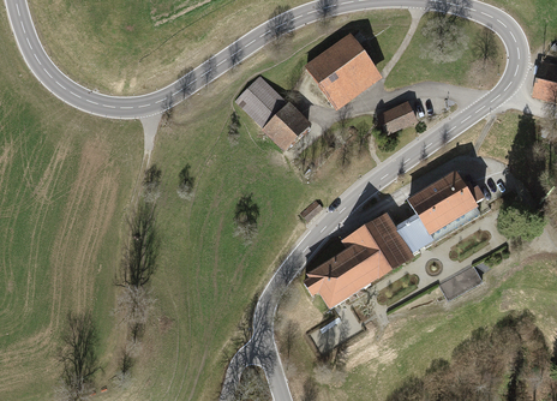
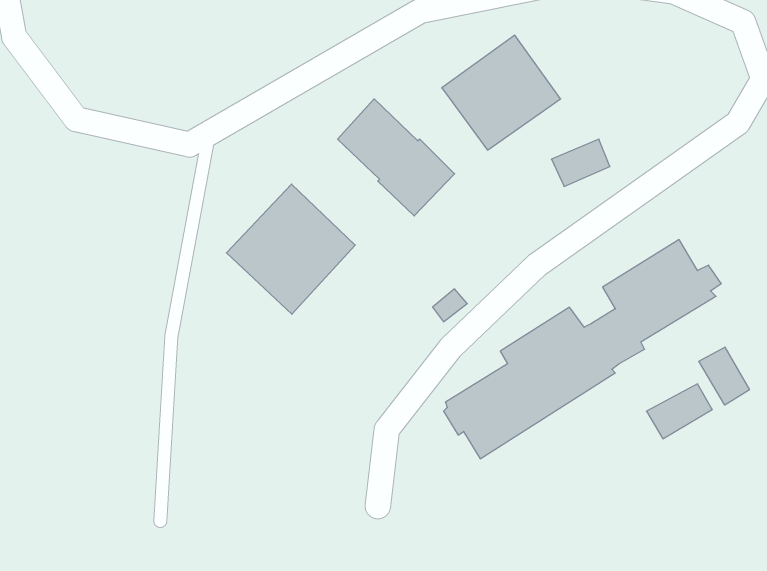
building: none -> [226,184,355,314]
building: none -> [699,347,749,405]

